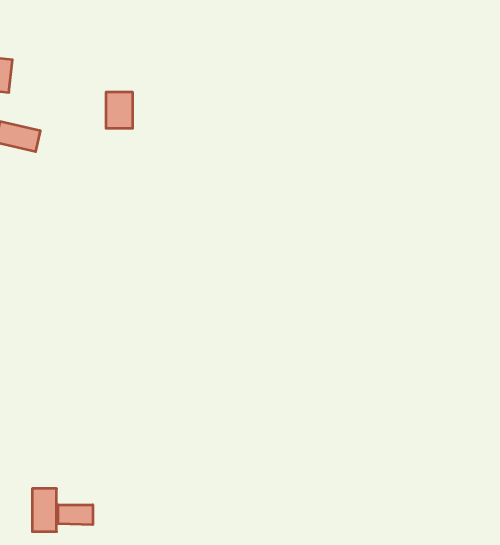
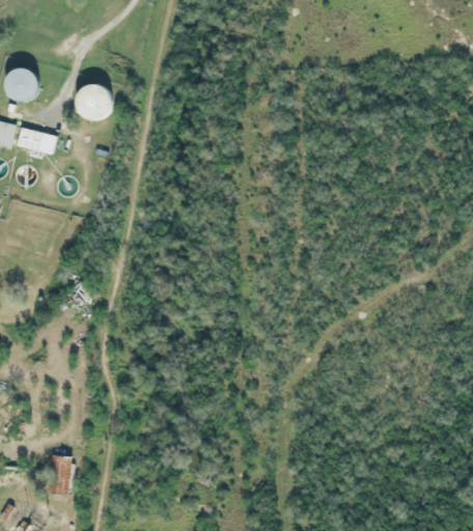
building: [106,92,133,128] -> [81,86,105,118]
building: [58,505,93,525] -> none

